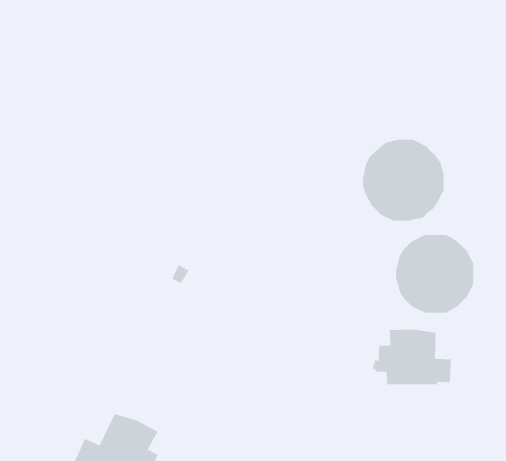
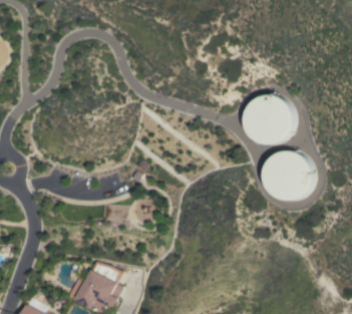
building: [372,329,451,385] -> none

